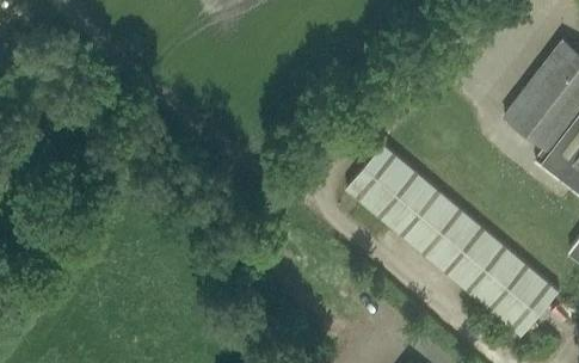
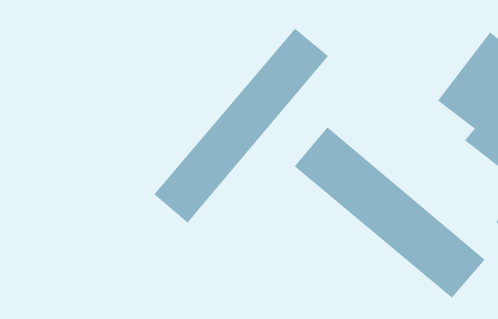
building: none -> [153,28,329,223]

